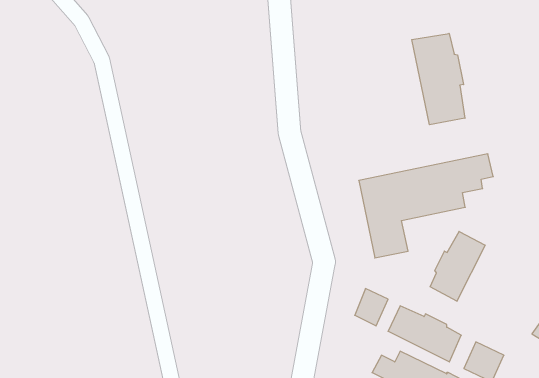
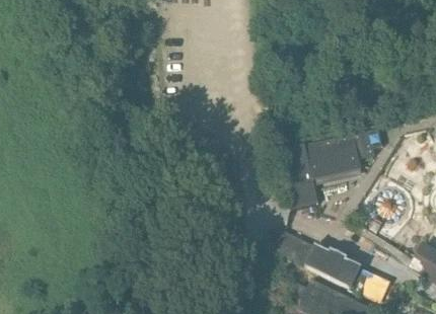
building: [412,33,465,125] -> none
building: [430,231,485,301] -> none

